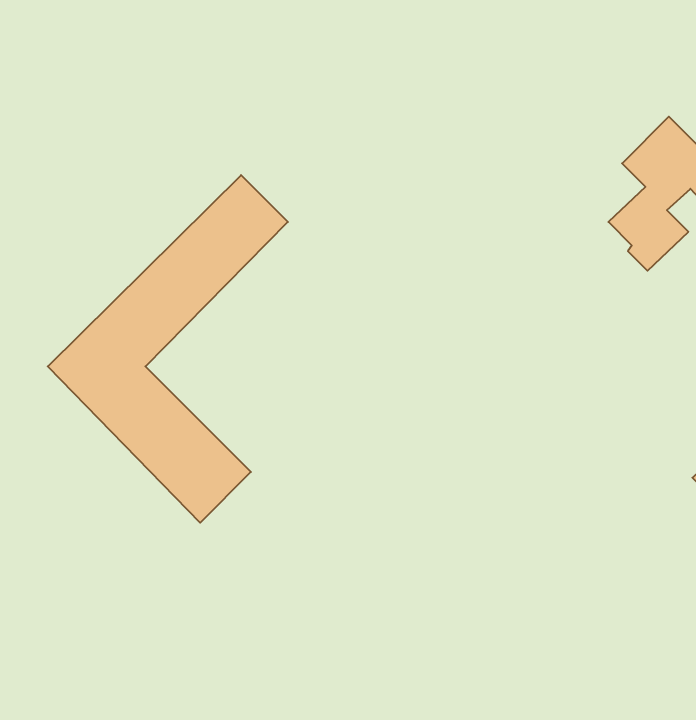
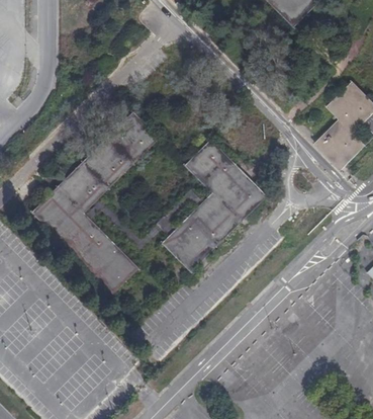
building: none -> [162,140,264,269]

